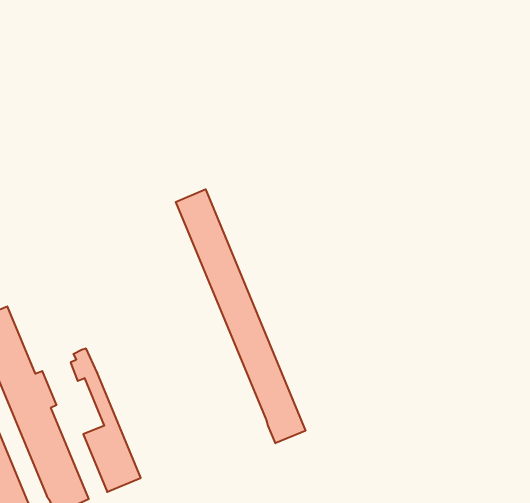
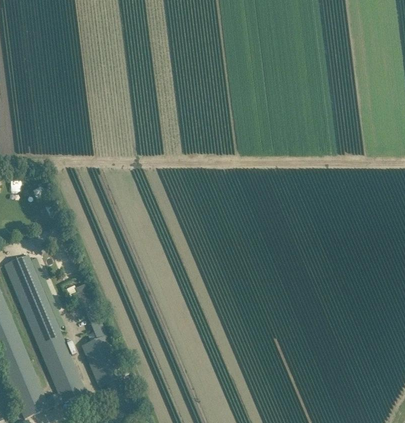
building: [176,189,305,443] -> none

